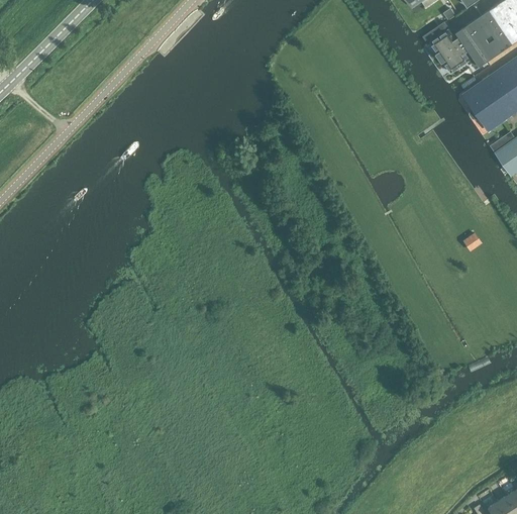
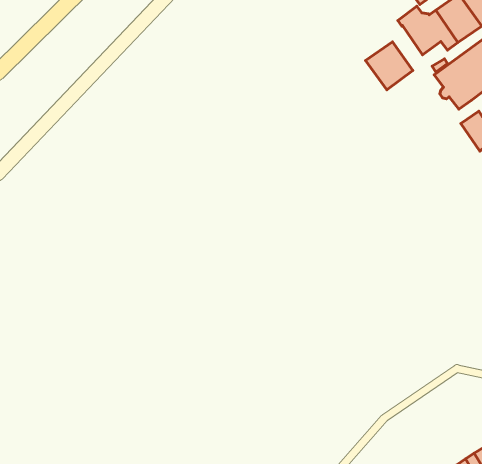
building: none -> [366,42,413,90]

